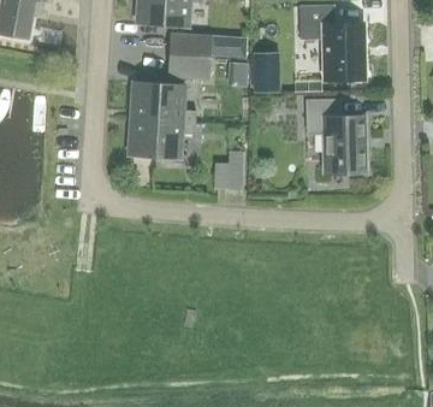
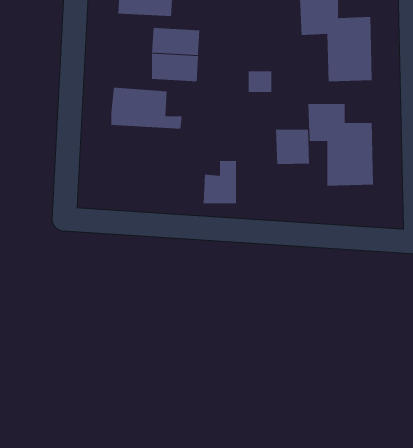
building: [210,35,247,58] -> none
building: [130,119,195,155] -> none
building: none -> [276,129,309,165]

